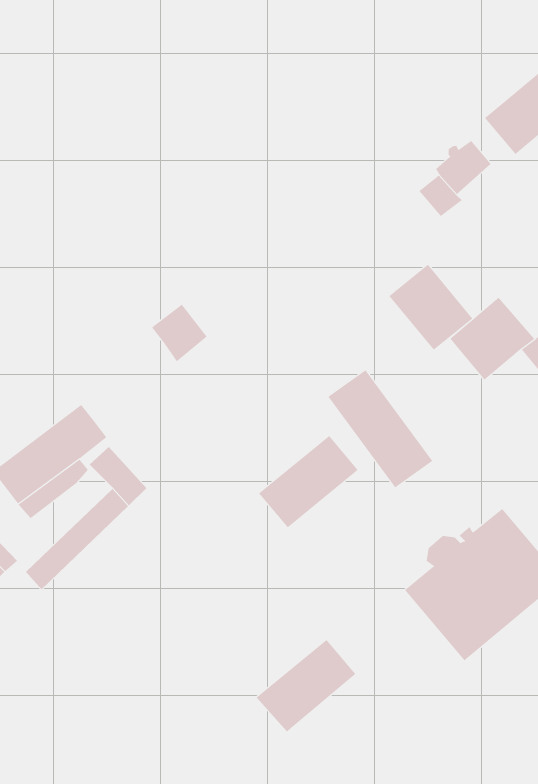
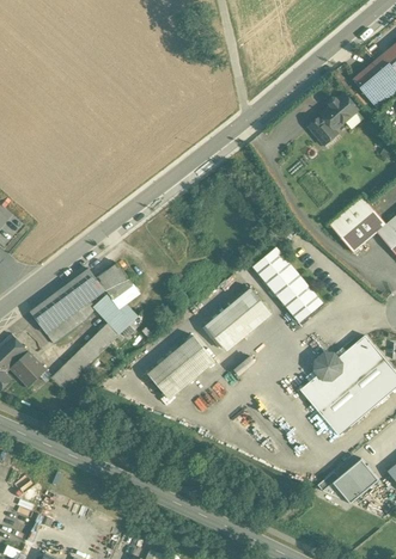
building: [388,264,473,351] -> none
building: [151,304,208,362] -> [97,263,134,301]
building: [256,639,356,732] -> [147,336,213,397]
building: none -> [333,459,379,504]

